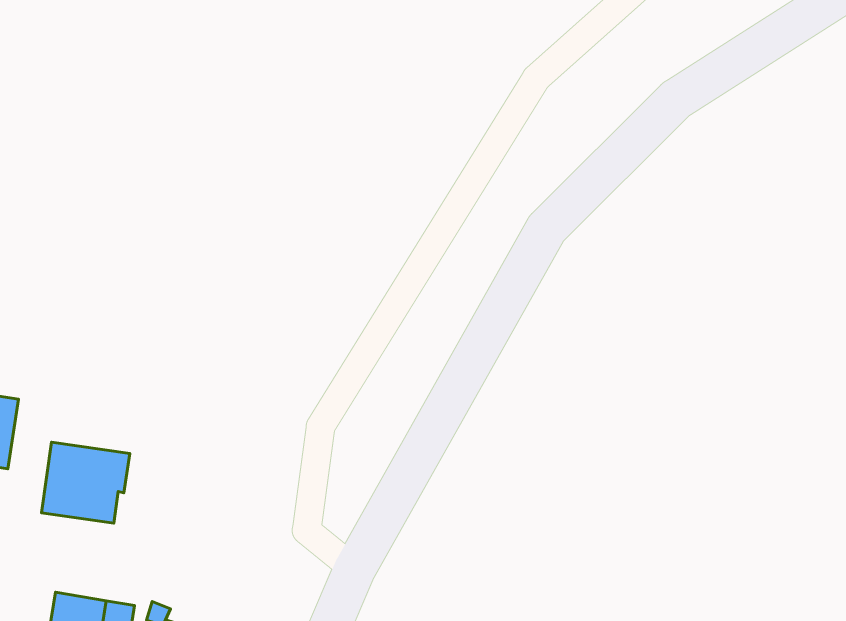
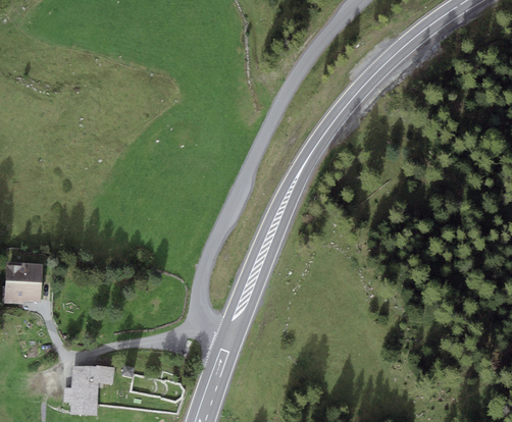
building: [42,442,130,523] -> none

